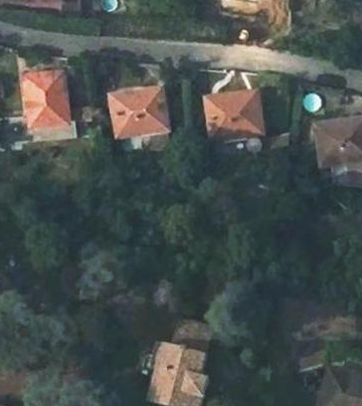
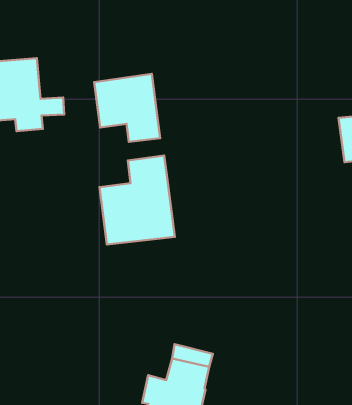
building: [207,94,262,155] -> none
building: none -> [100,155,175,244]

